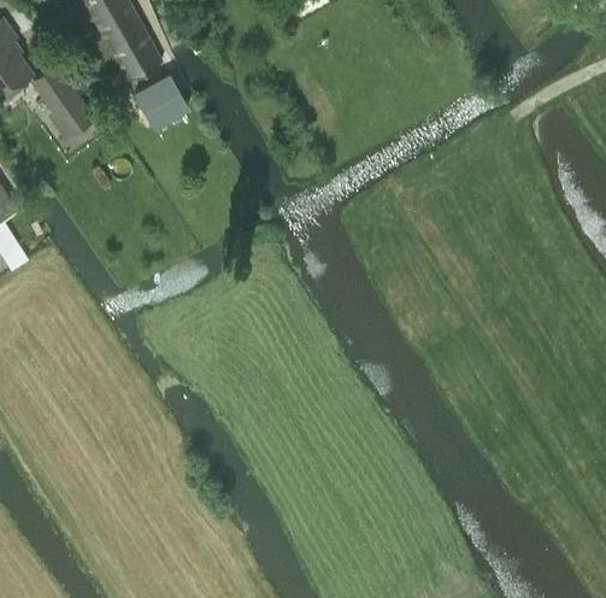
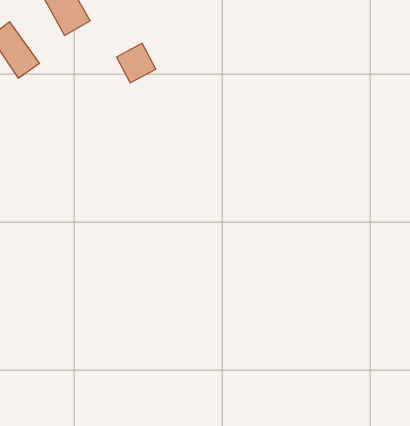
building: [135,76,187,128] -> [116,43,156,83]

